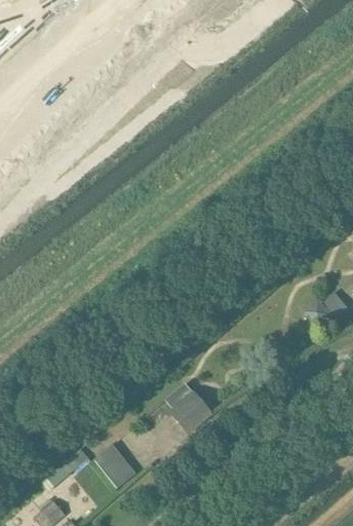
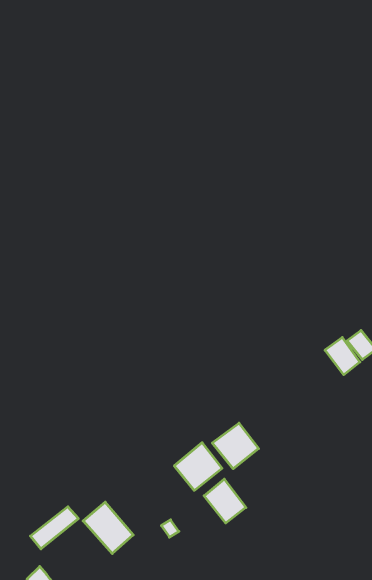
building: none -> [212,423,259,469]
building: none -> [204,479,246,523]

